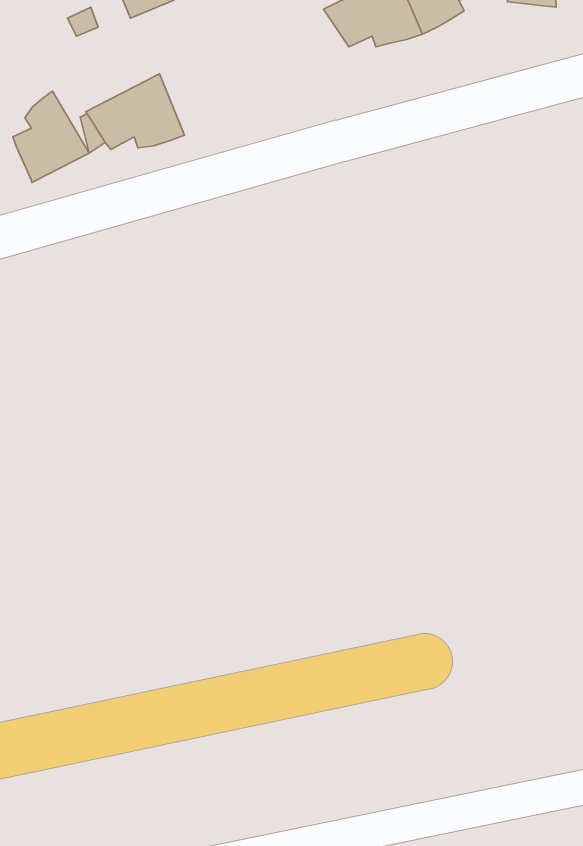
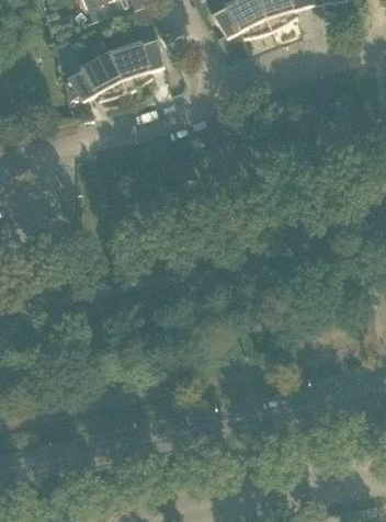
building: none -> [110,34,162,87]
building: [13,91,89,183] -> none

